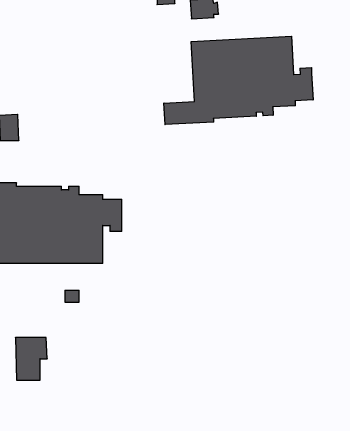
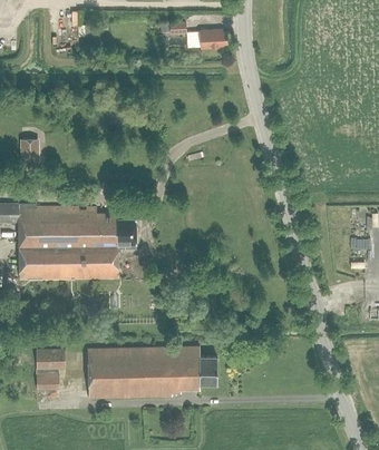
building: [164,36,313,125] -> none
building: none -> [86,345,216,398]

